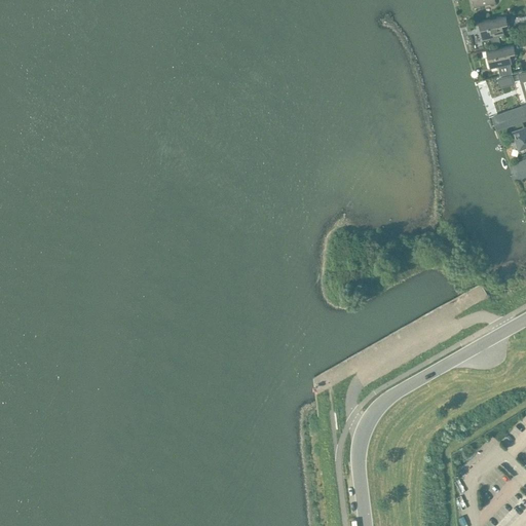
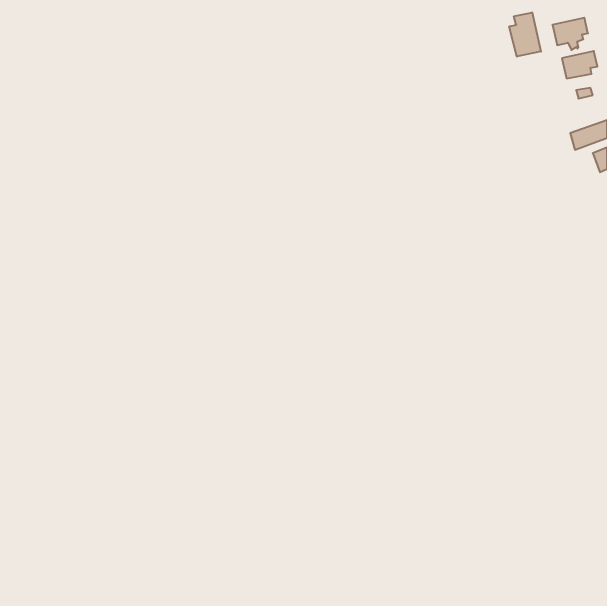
building: none -> [509,12,541,57]

